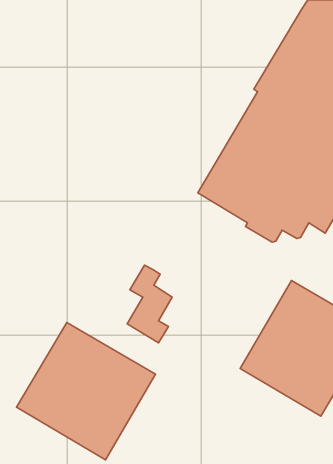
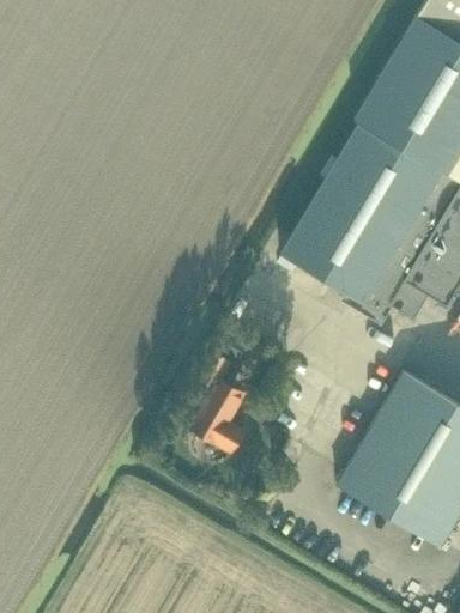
building: [17,322,155,460] -> none

